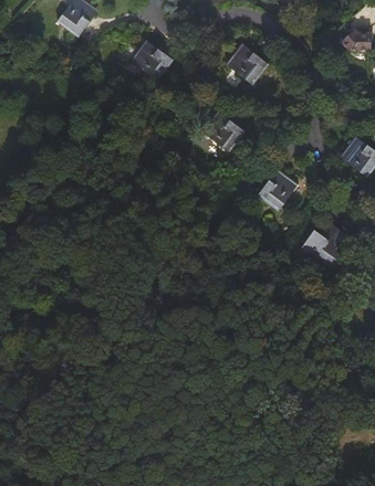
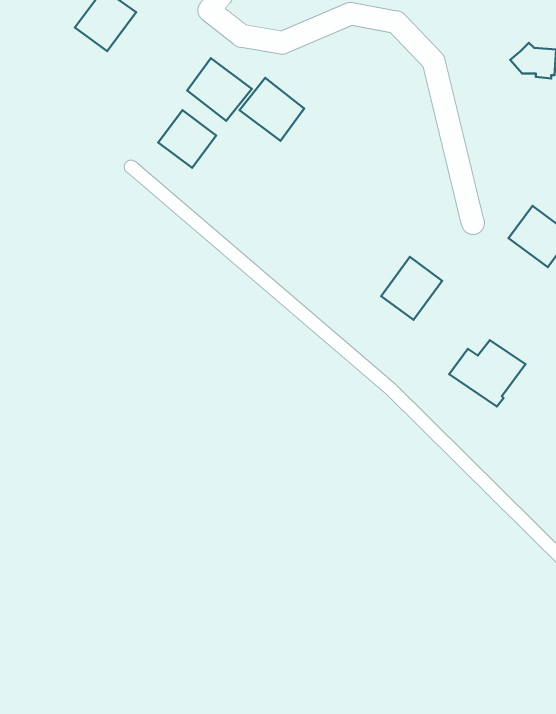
building: [227,44,269,85] -> [240,78,304,141]
building: none -> [158,110,216,168]
building: [204,112,246,152] -> none

